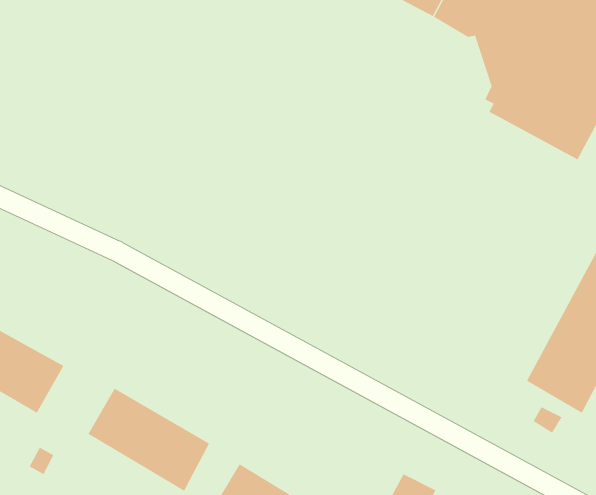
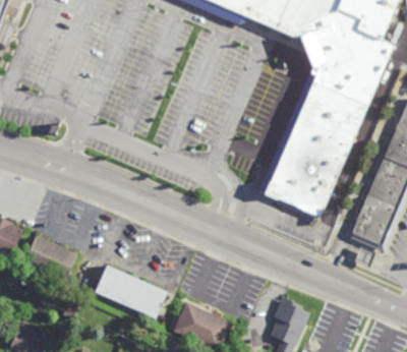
building: none -> [266,81,368,217]

